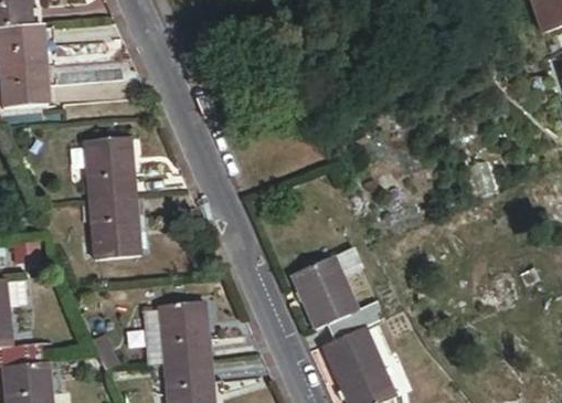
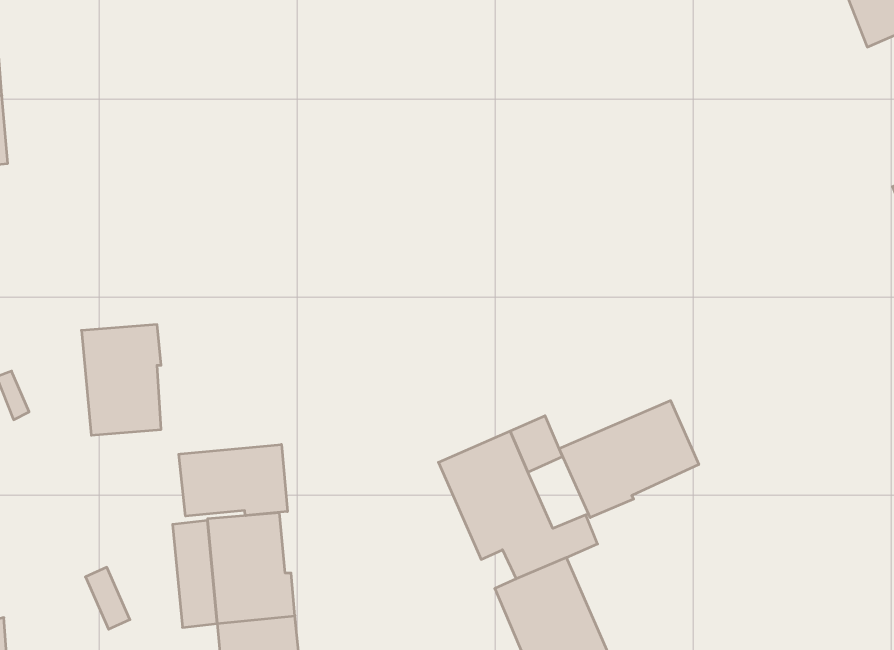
building: [86,137,134,199] -> none
building: none -> [559,401,699,518]
building: none -> [179,444,287,516]

